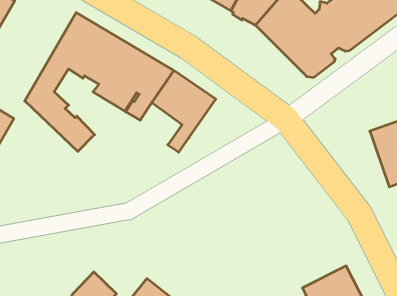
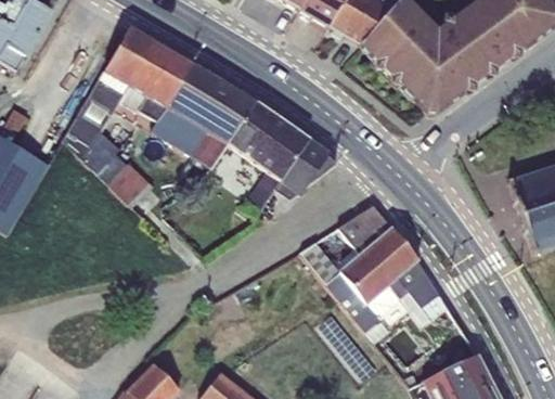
building: none -> [275,139,336,198]
building: none -> [301,204,449,342]

